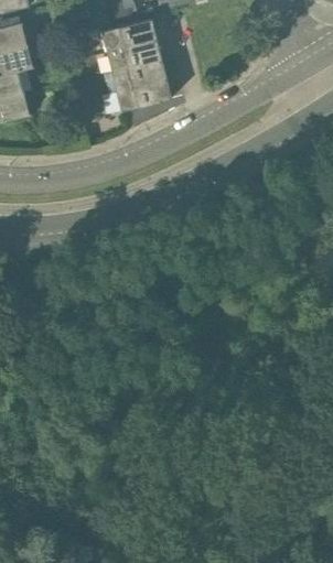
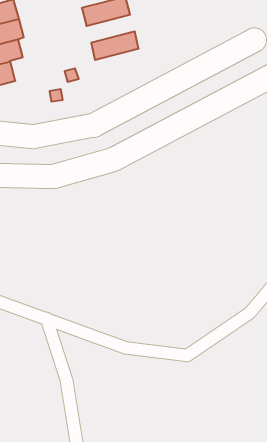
building: [106,39,162,72] -> none
building: [116,78,172,111] -> none

